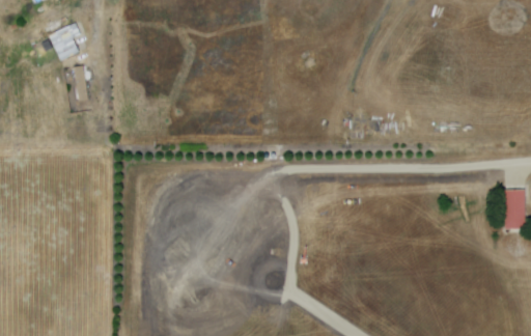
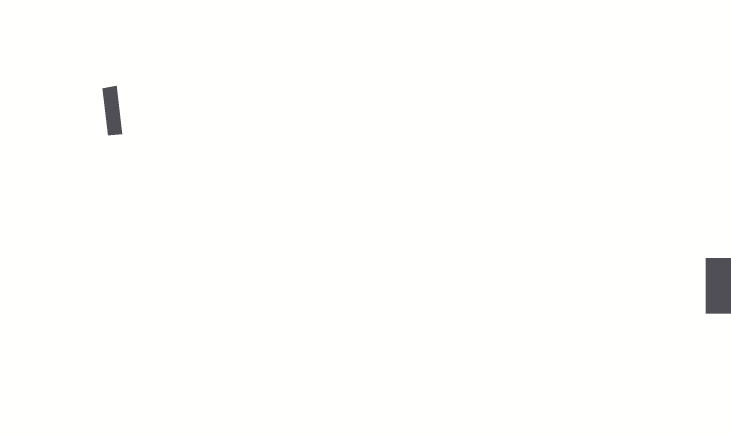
building: [49,24,83,62] -> none

